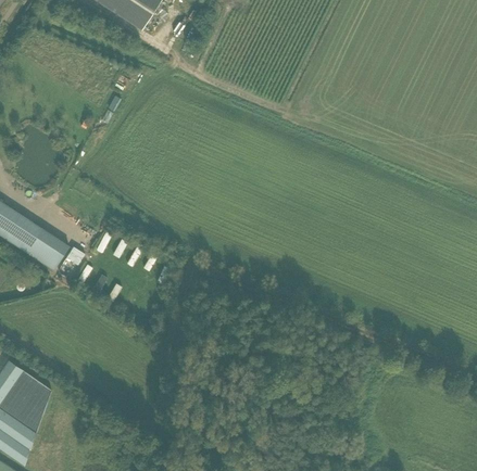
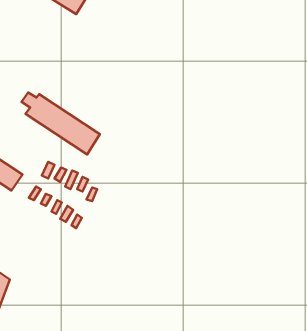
building: none -> [21,93,100,154]

